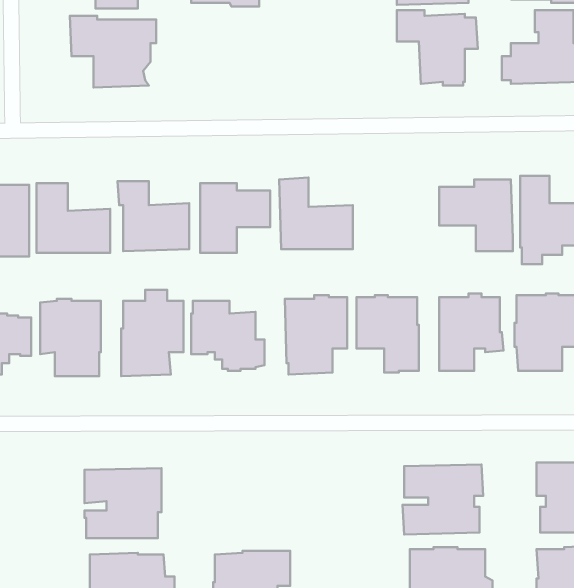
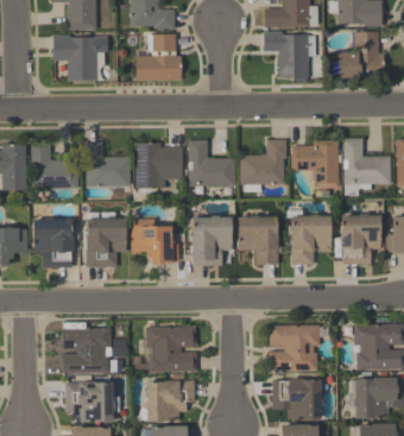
building: none -> [135,33,182,81]
building: none -> [240,139,286,191]
building: none -> [146,327,197,371]

